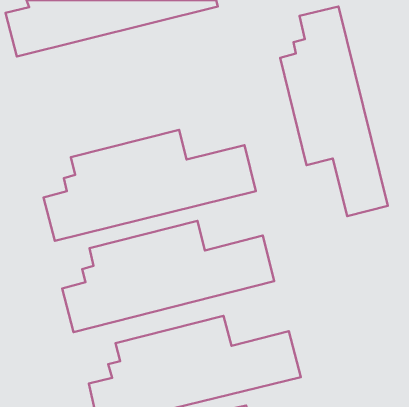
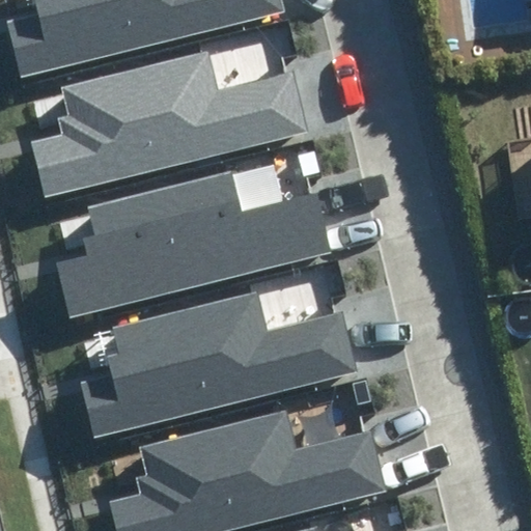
building: [280,7,388,216] -> none
building: none -> [30,53,303,196]

